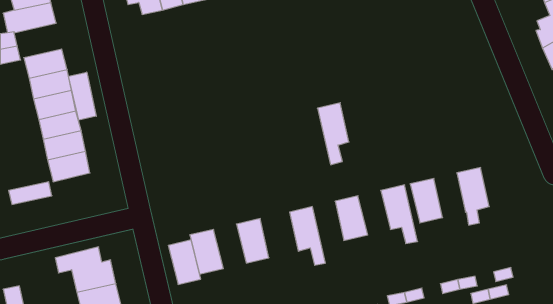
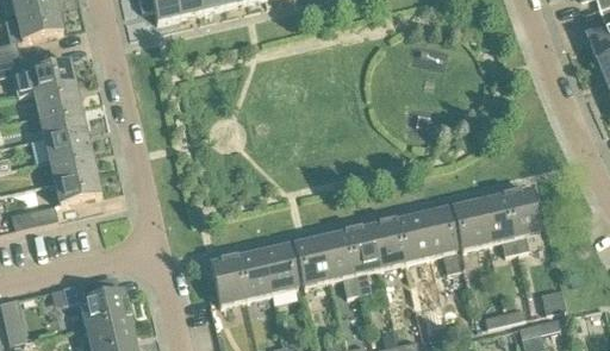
building: [69,72,96,120] -> none
building: [317,103,349,165] -> [344,225,379,293]
building: none -> [478,194,512,243]
building: none -> [394,213,430,262]
building: none -> [293,237,329,286]
building: [168,240,201,284] -> [236,250,272,299]

